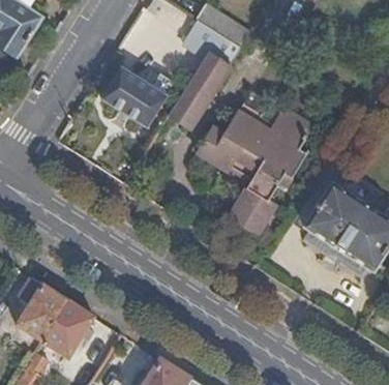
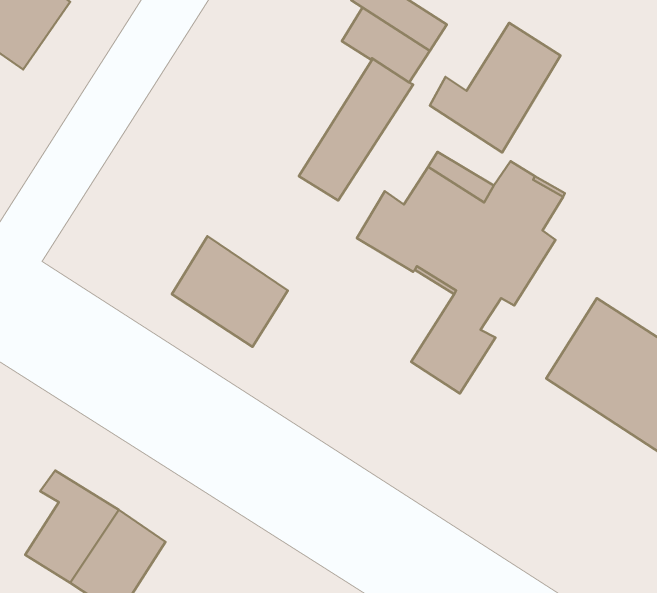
building: none -> [430,23,561,153]
building: [101,67,166,128] -> [172,236,288,347]

